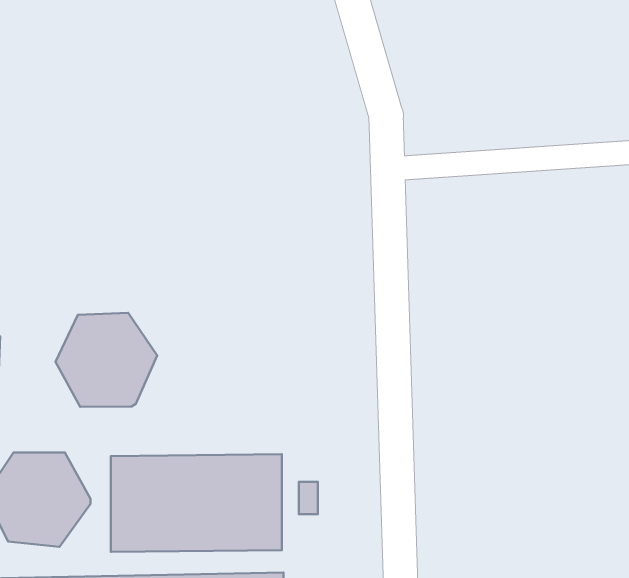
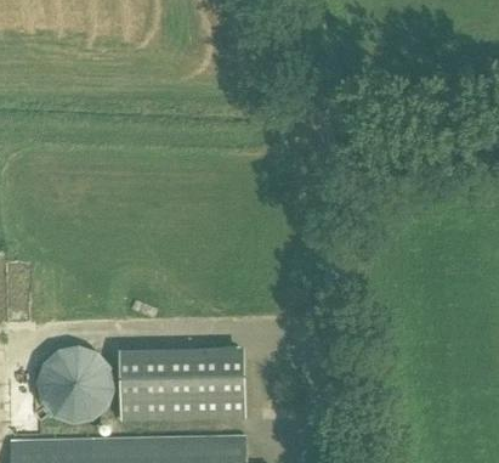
building: [56,313,157,407] -> none

